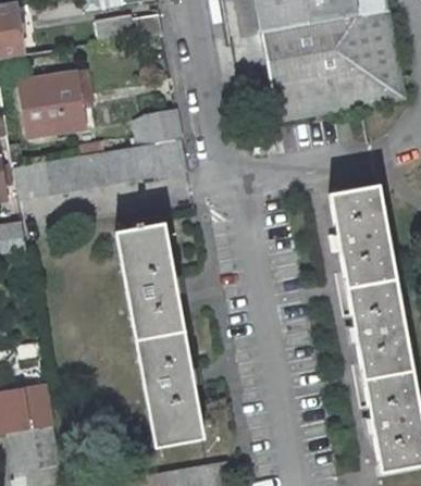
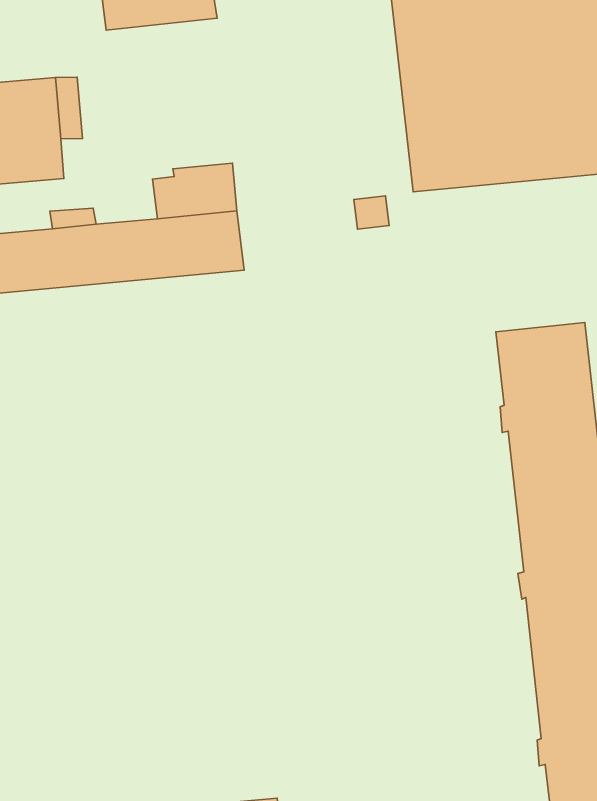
building: [115,221,202,447] -> none

